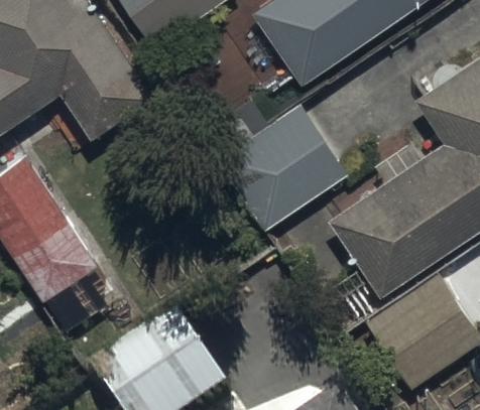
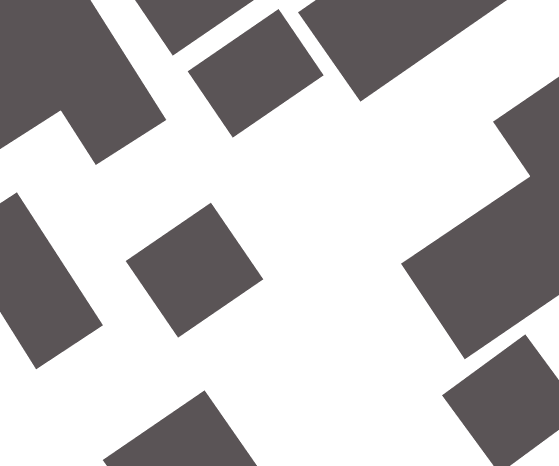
building: none -> [186,8,325,139]
building: [212,104,348,236] -> none
building: none -> [124,201,265,339]

